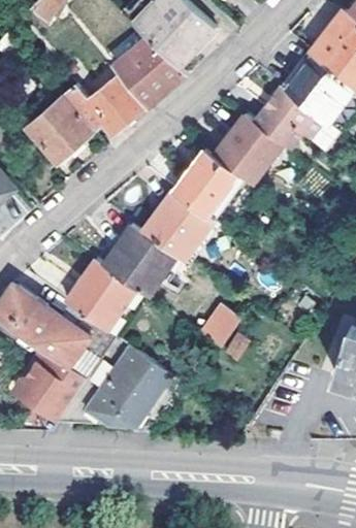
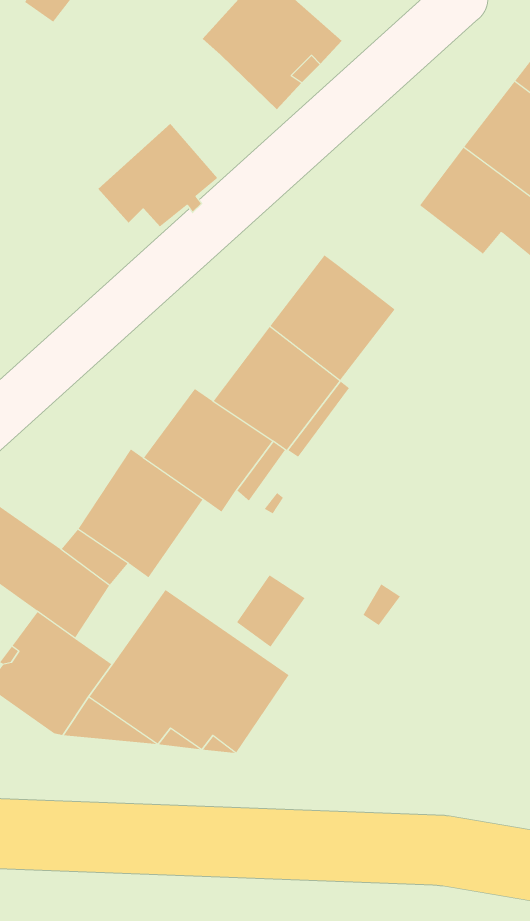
building: [111,35,183,104] -> none
building: [27,95,94,161] -> none
building: [213,111,294,183] -> none
building: [201,303,240,344] -> [236,575,306,648]

